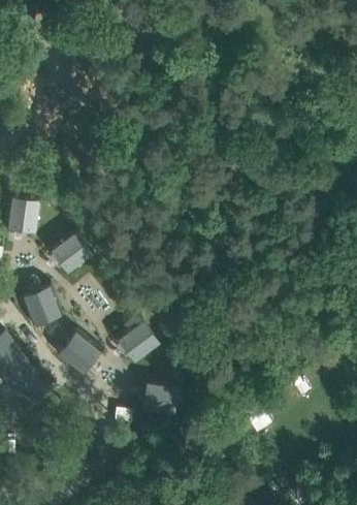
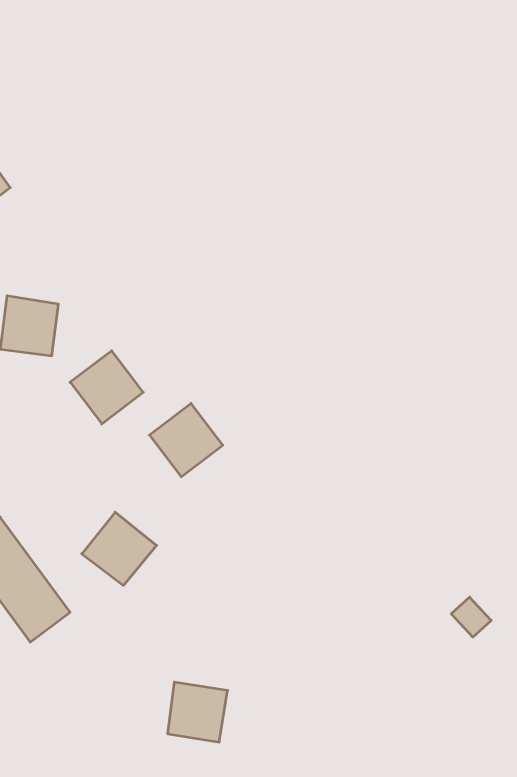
building: [21,284,63,327] -> none
building: [116,318,161,364] -> [149,403,223,477]
building: [141,380,178,417] -> [168,682,228,742]

